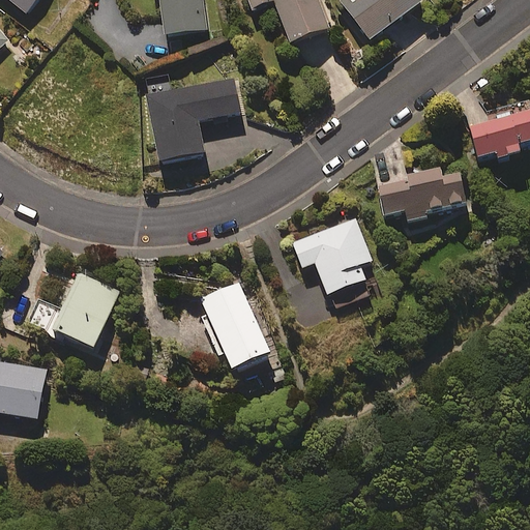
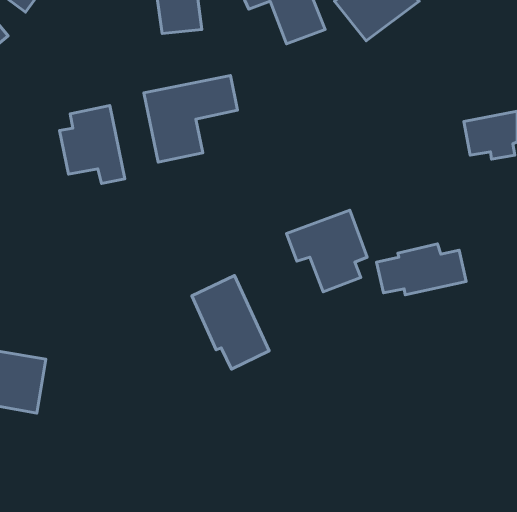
building: none -> [60,106,125,184]
building: [378,168,469,219] -> [376,244,466,295]
building: [27,269,119,350] -> none

